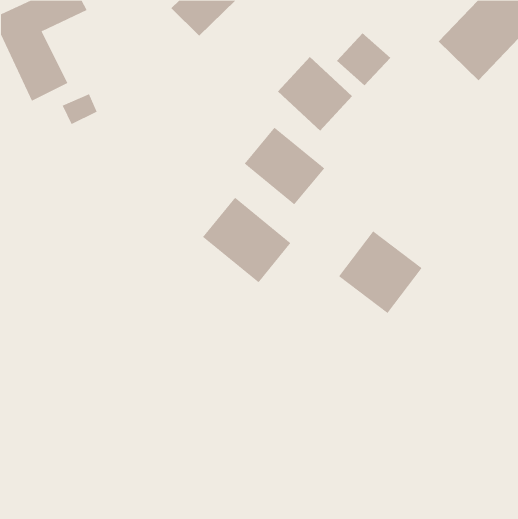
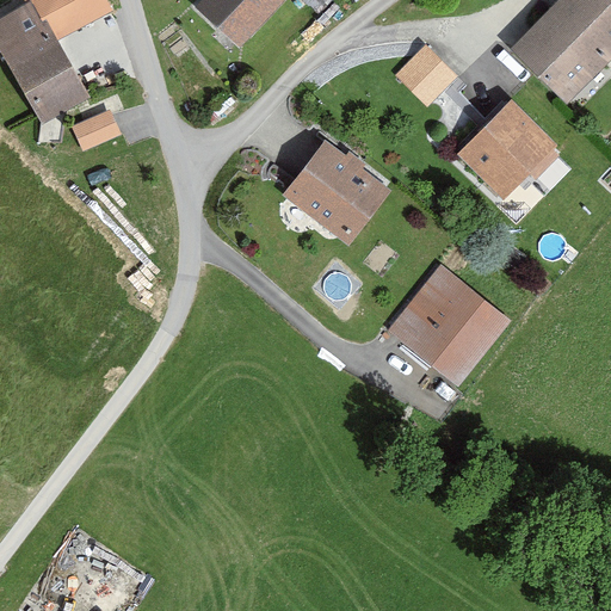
building: [277,56,353,131] -> none
building: none -> [458,105,551,197]
building: [202,197,291,283] -> none

